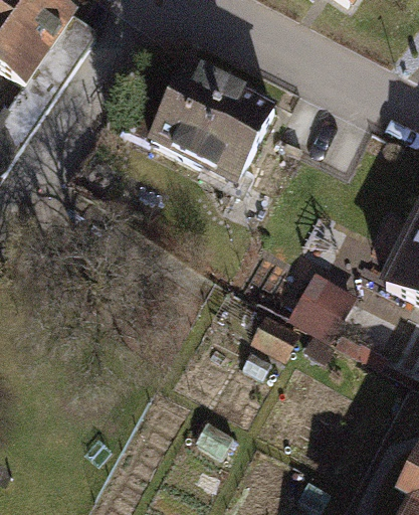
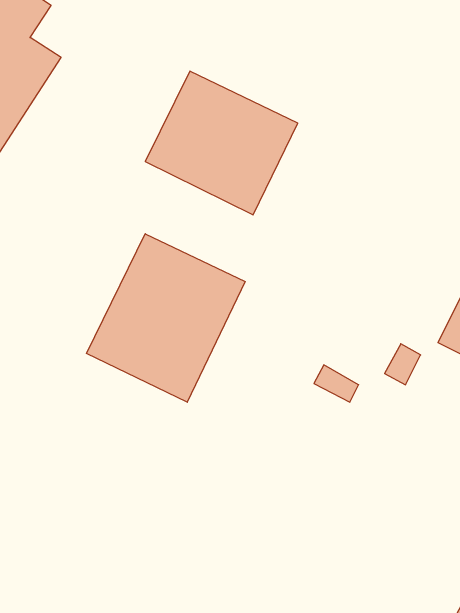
building: none -> [87,234,245,402]

